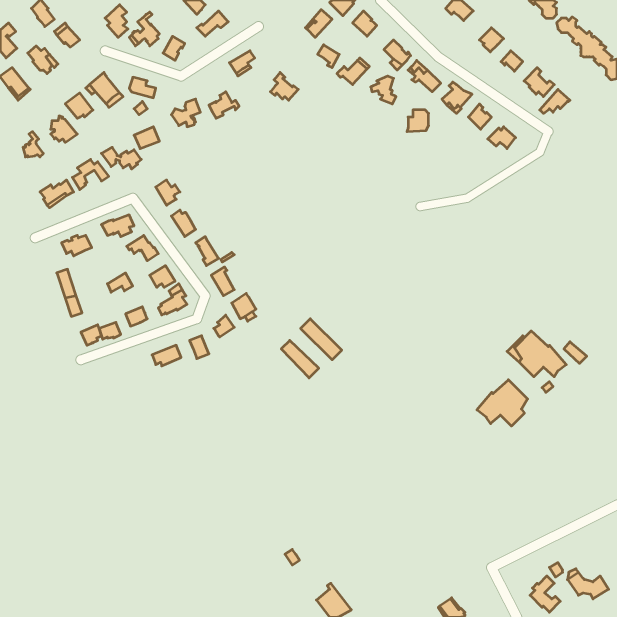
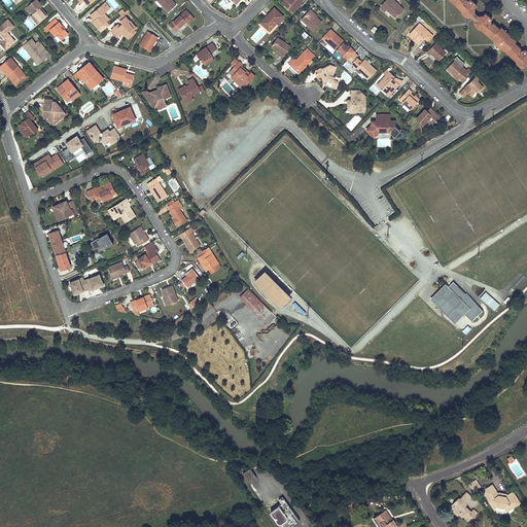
building: none -> [366,115,399,138]
building: [477,380,528,426] -> none

